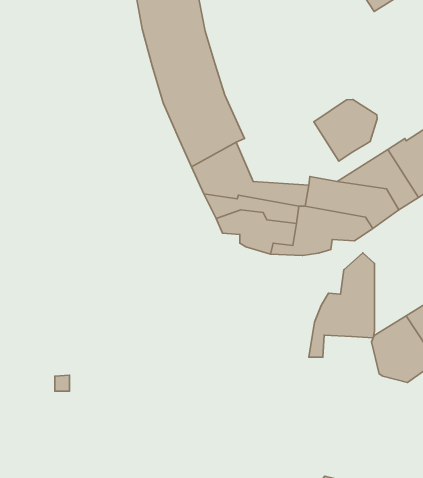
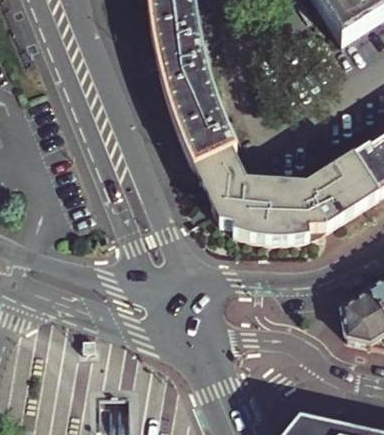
building: [314,100,377,161] -> none
building: [309,253,375,357] -> none

